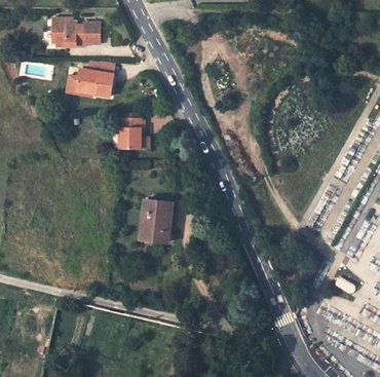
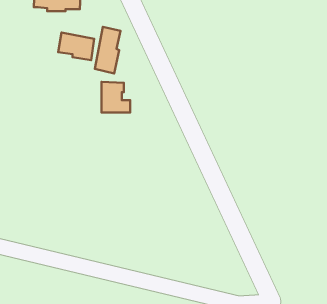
building: none -> [95,27,120,74]
building: [140,198,172,242] -> none

